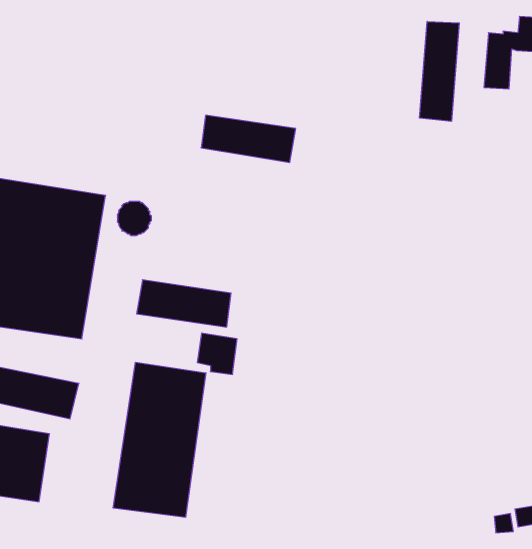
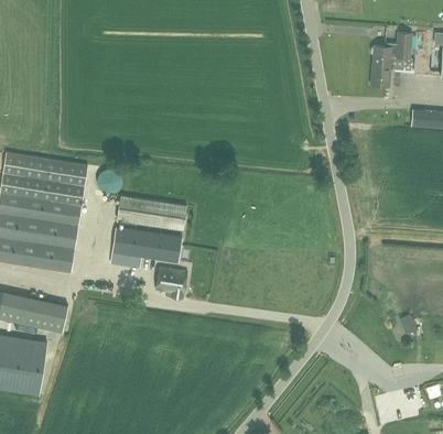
building: [420,21,459,121] -> none
building: [201,115,296,163] -> [117,196,187,231]
building: [113,362,206,517] -> none

